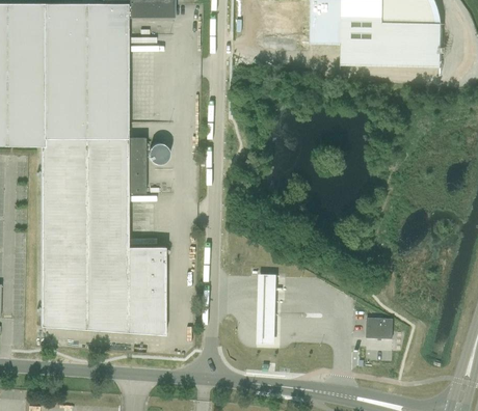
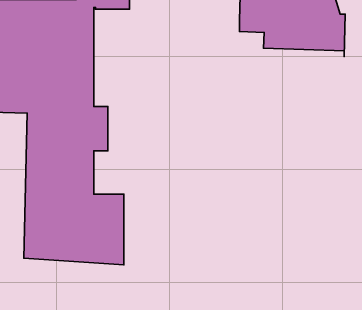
building: [257,274,276,344] -> none
building: [366,319,393,339] -> none

